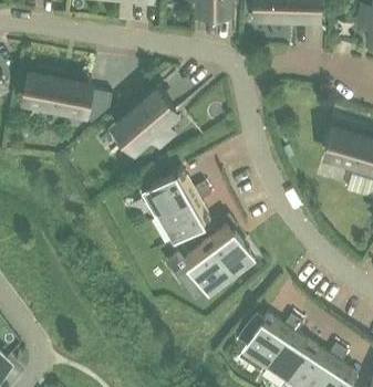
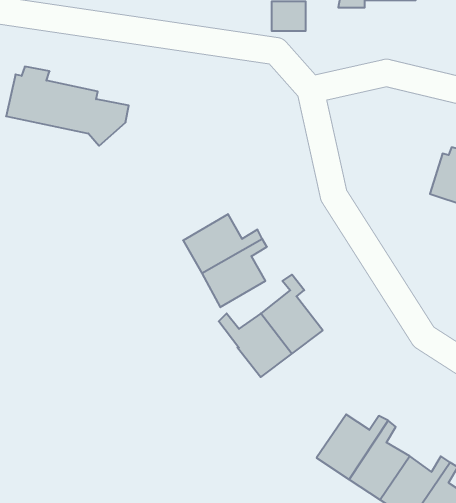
building: [114,91,175,149] -> none

